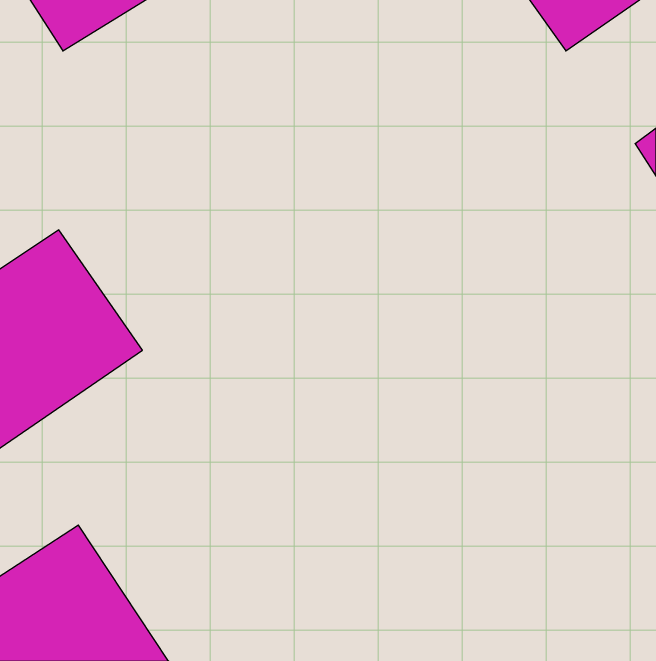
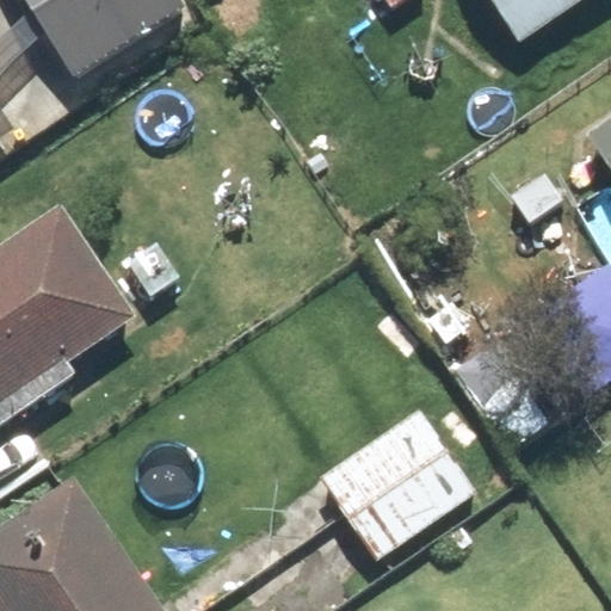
building: none -> [323,409,480,562]

